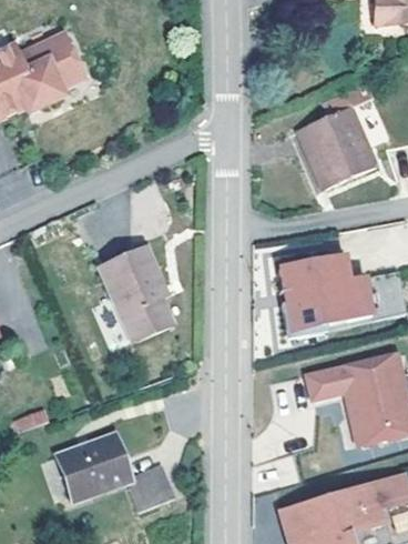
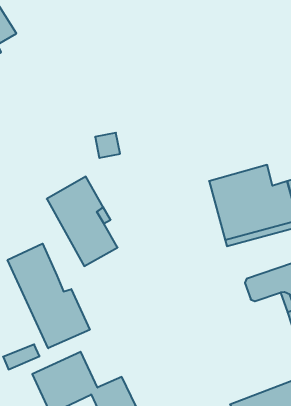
building: [287,92,364,195] -> none
building: none -> [8,244,90,348]

